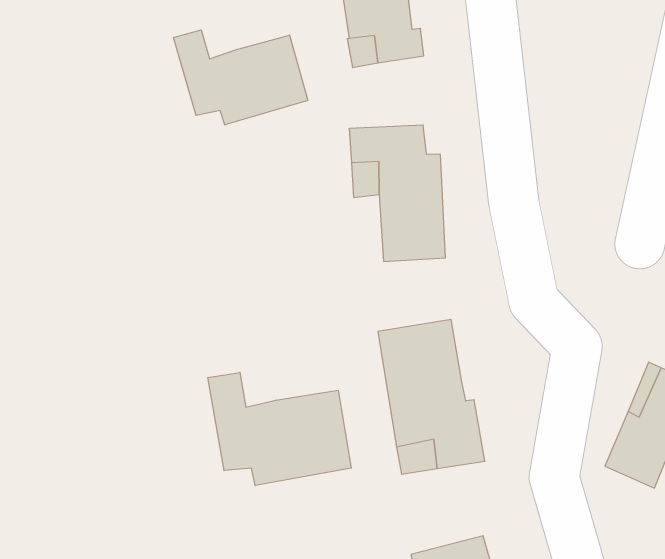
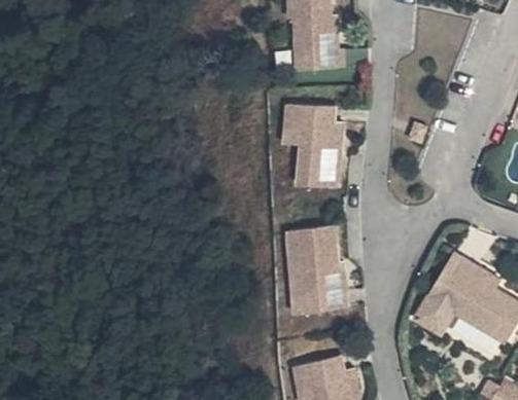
building: [174,30,308,125] -> none
building: [208,372,351,486] -> none

